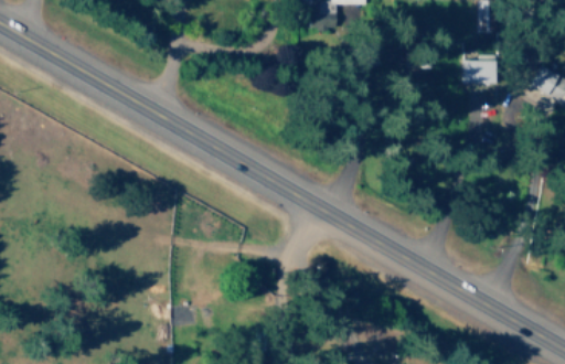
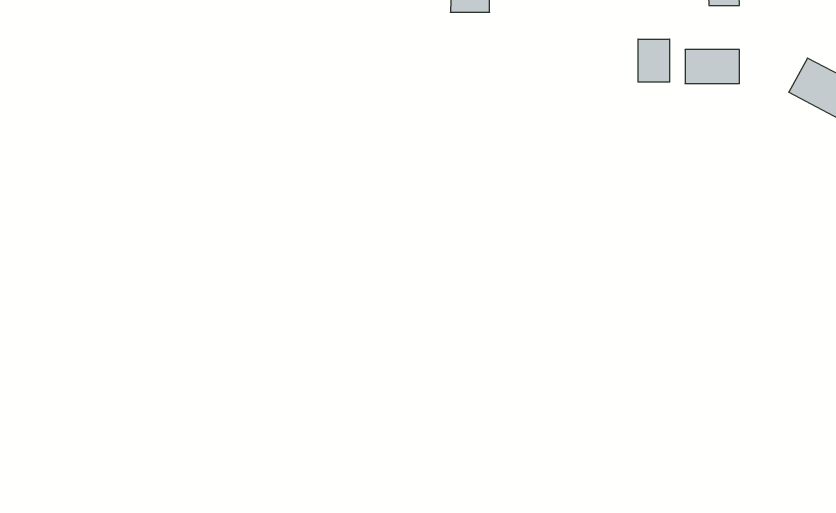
building: none -> [638,39,670,82]

